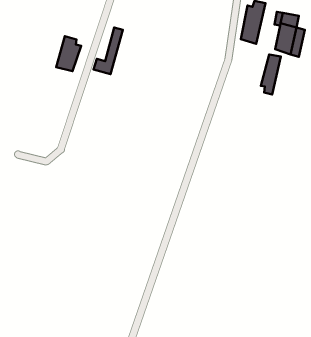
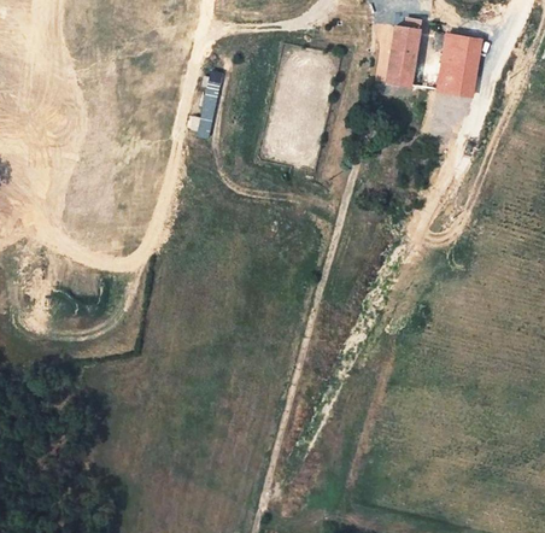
building: [56,36,81,71] -> none
building: [261,55,281,94] -> none

